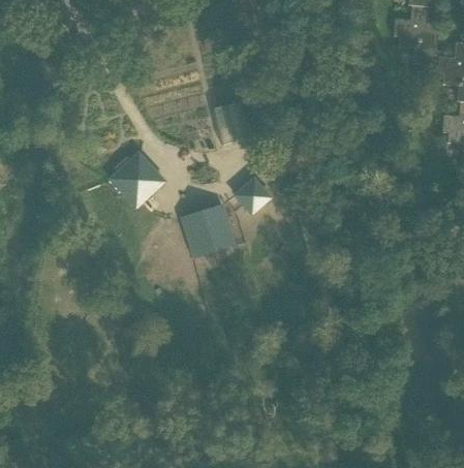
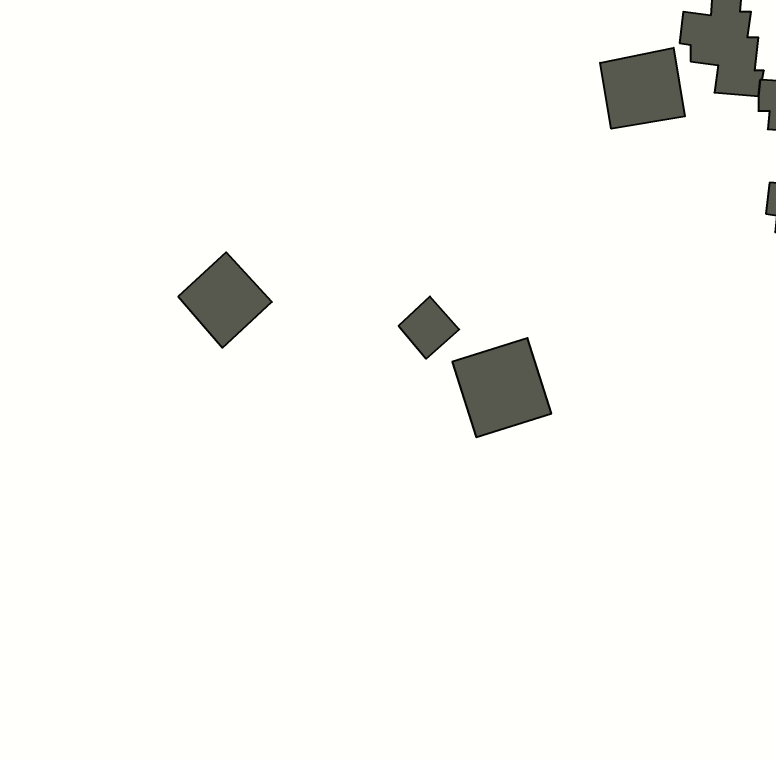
building: none -> [600,48,685,129]
building: [178,200,234,256] -> [452,338,551,437]

